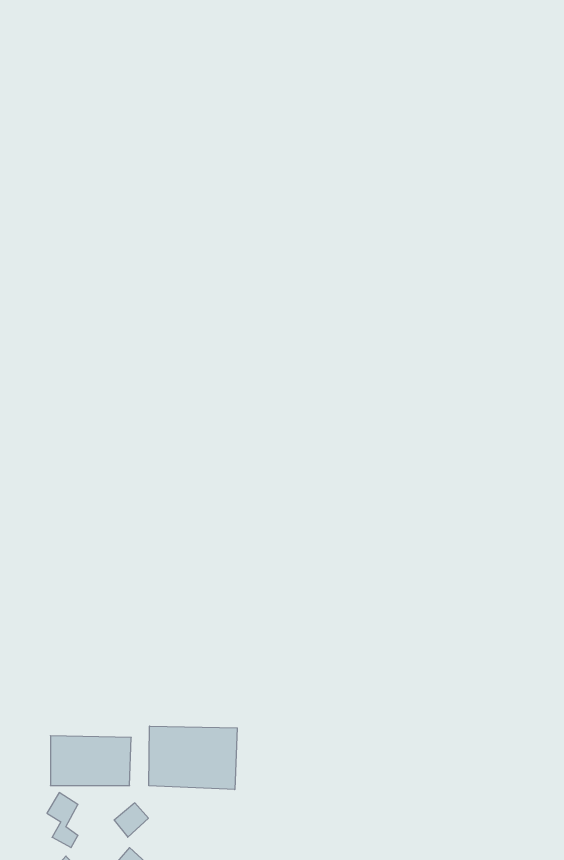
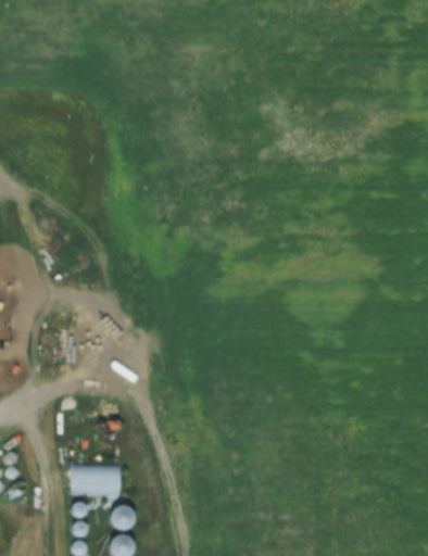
building: [149,726,237,790] -> none

